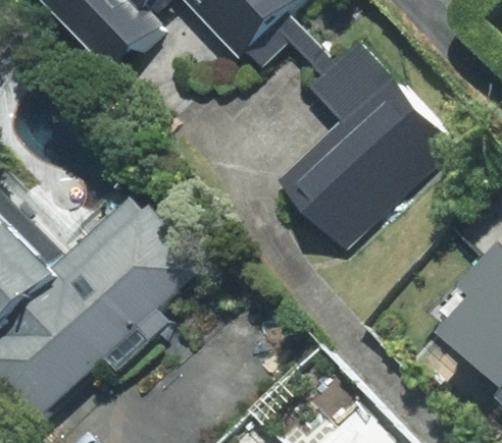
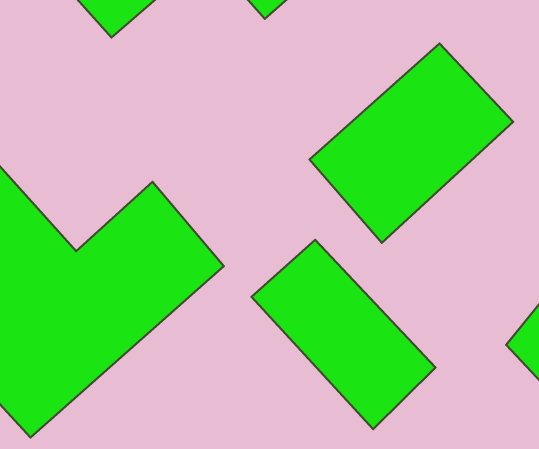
building: none -> [252,240,435,429]

